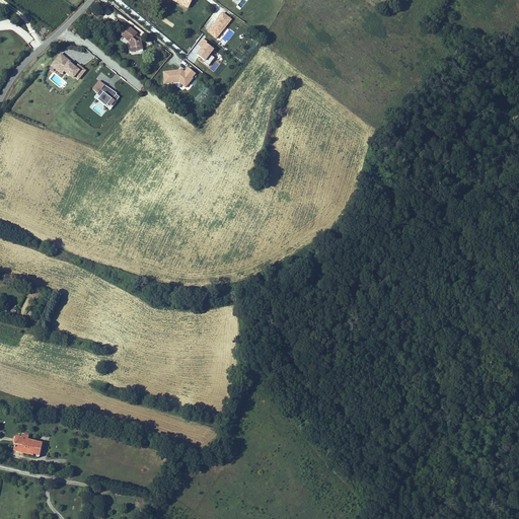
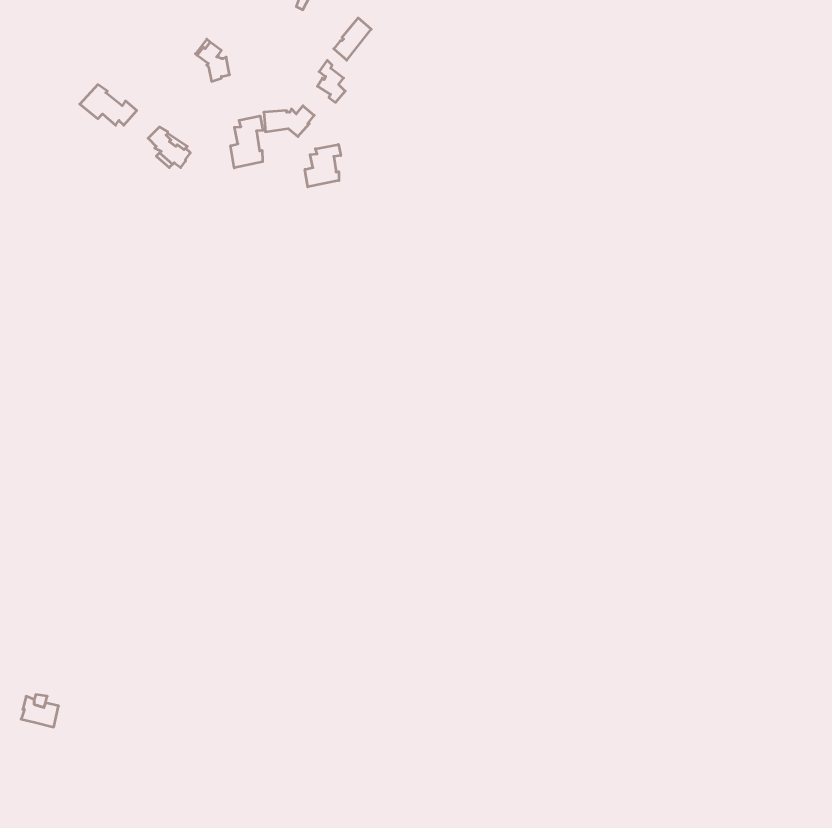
building: none -> [231,116,263,168]
building: none -> [305,144,341,187]

